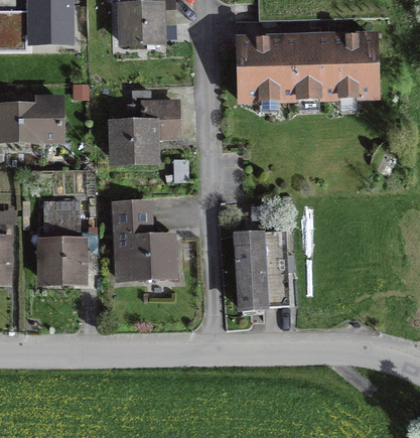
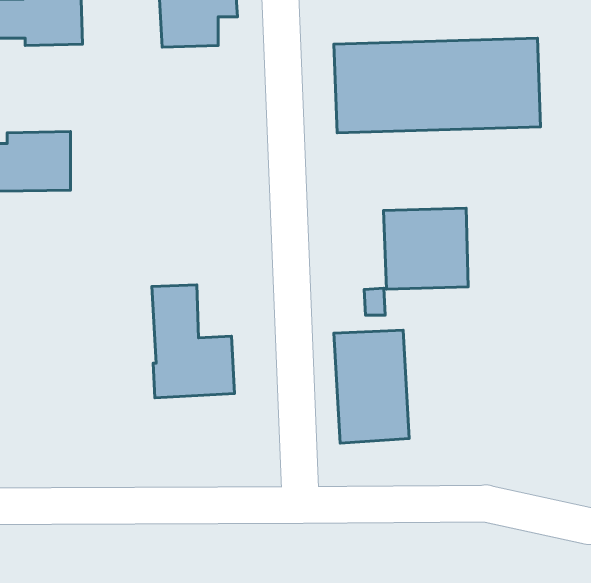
building: [110,103,175,159] -> none
building: none -> [384,208,468,289]
building: [41,203,78,280] -> none

